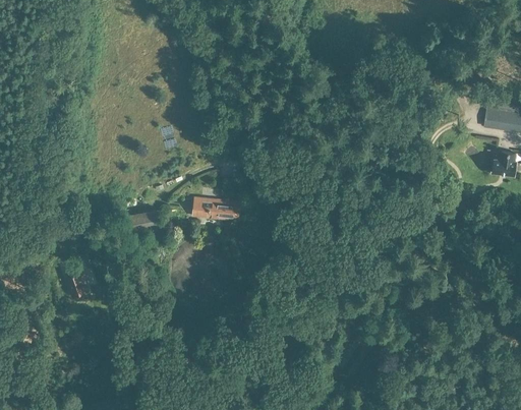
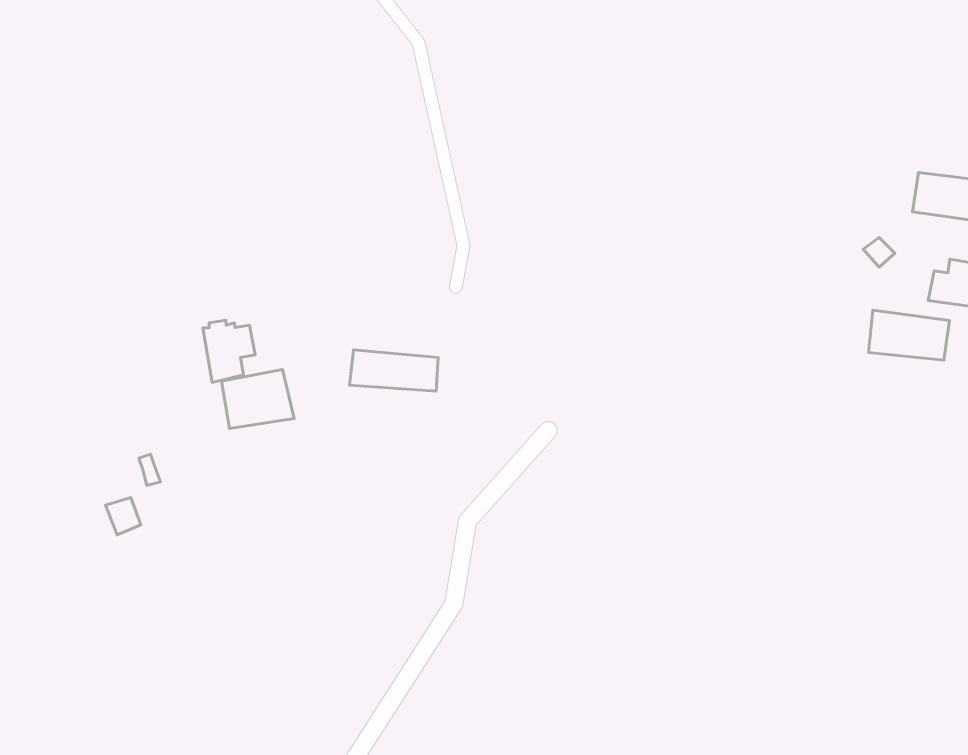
building: none -> [868,310,949,360]
building: none -> [203,320,255,382]

